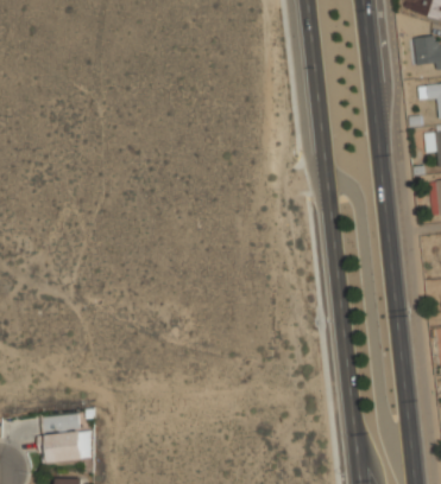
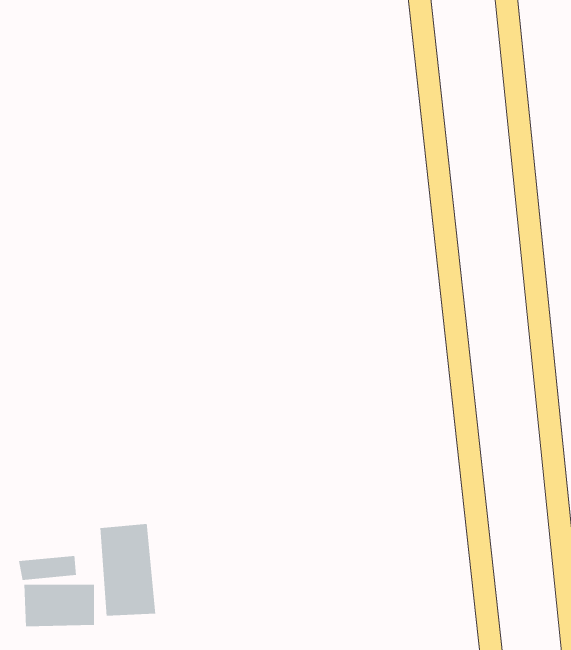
building: none -> [100,523,156,616]

